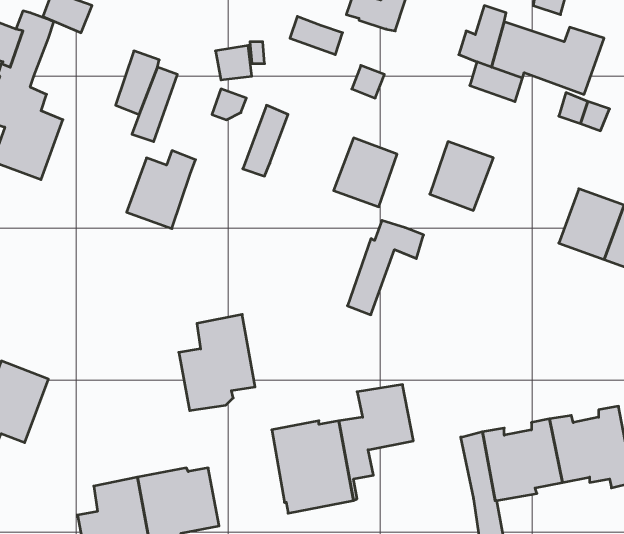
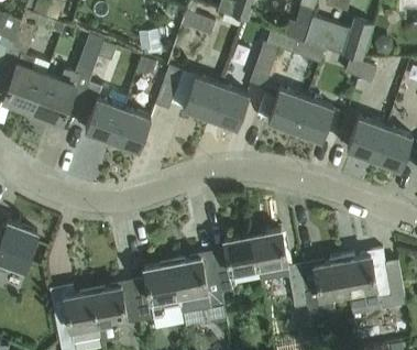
building: none -> [33,70,79,122]
building: none -> [184,76,222,118]
building: none -> [295,98,334,140]
building: none -> [112,108,151,150]
building: [347,220,424,315] -> [251,31,297,88]
building: [179,314,255,411] -> [134,263,180,321]
building: none -> [252,230,287,270]

